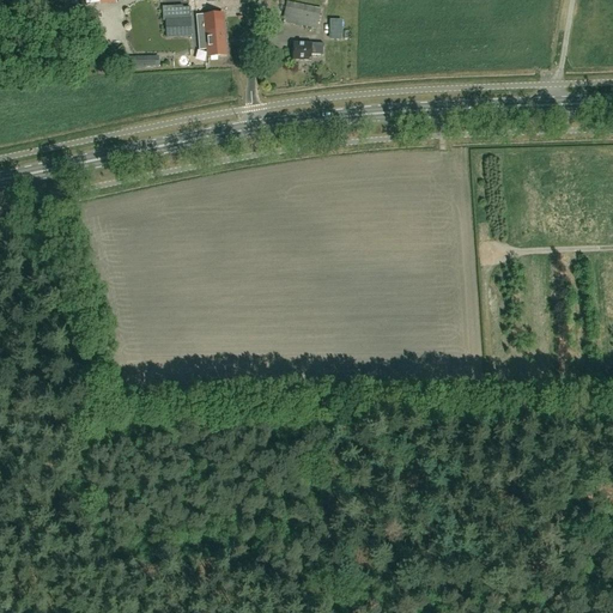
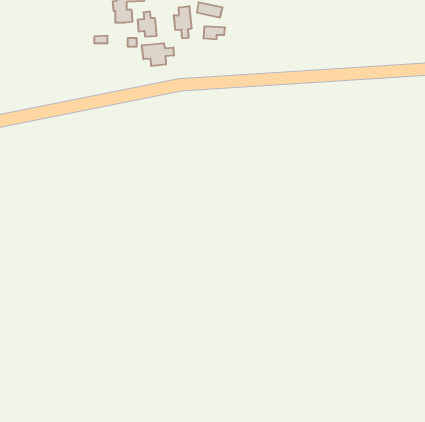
building: none -> [174,6,191,38]
building: none -> [142,43,174,66]

